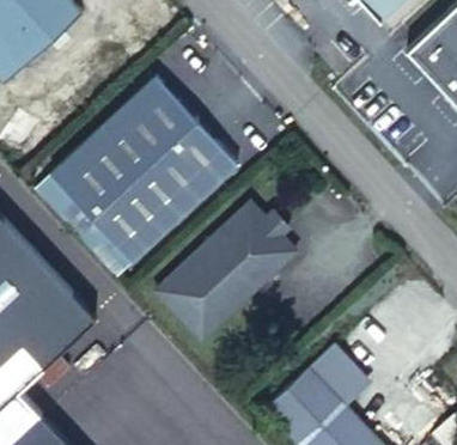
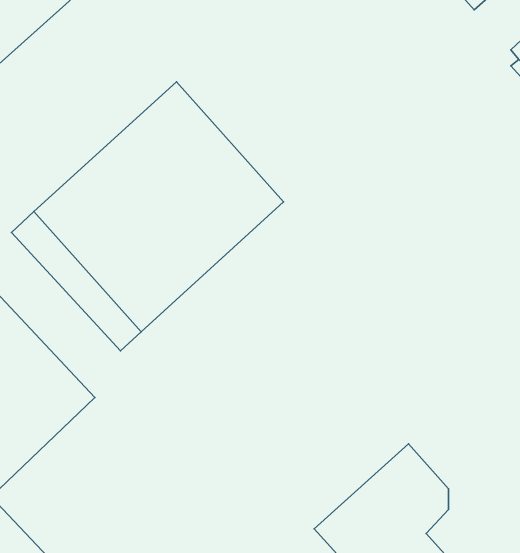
building: [154,202,295,340] -> none

